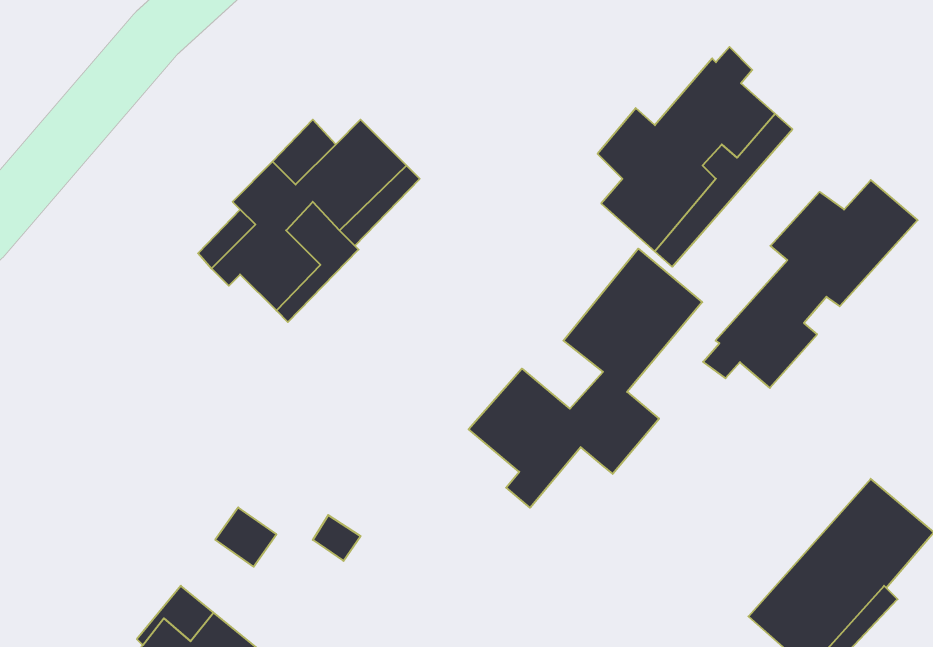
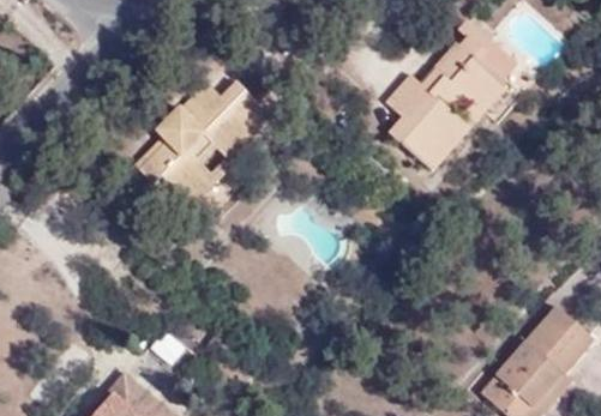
building: [703,180,918,388] -> none
building: [469,249,702,508] -> none

